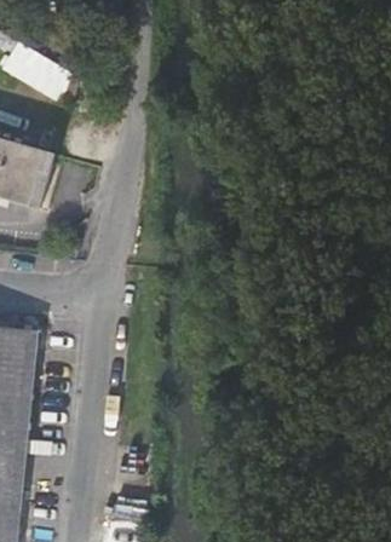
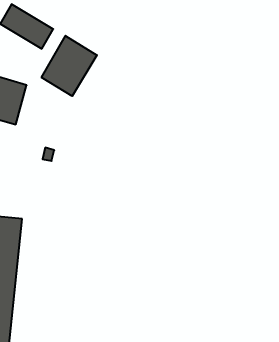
building: none -> [42,36,97,96]

